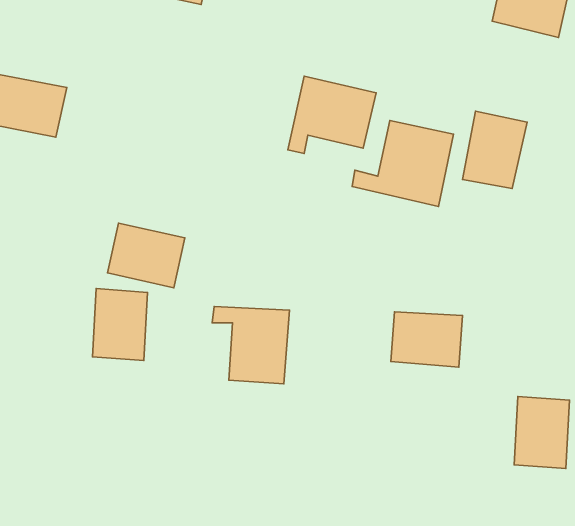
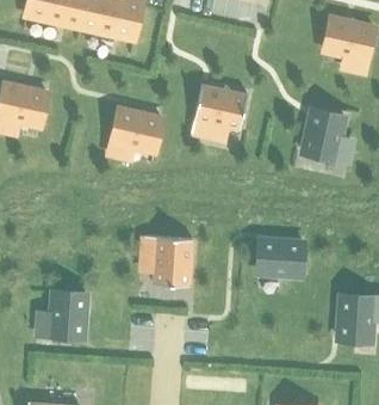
building: [352,120,453,206] -> none
building: [107,223,185,288] -> [112,109,162,151]
building: [92,289,148,360] -> [50,290,86,337]

